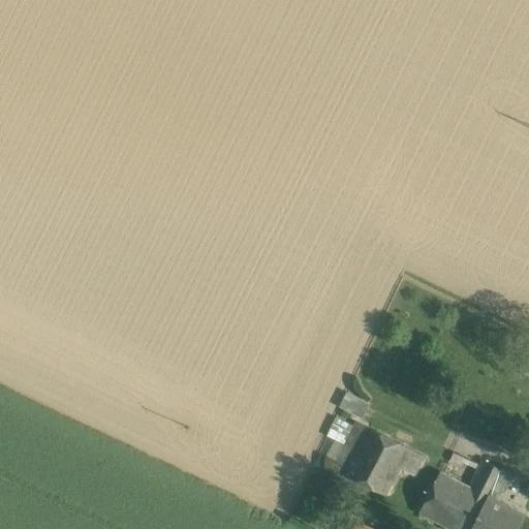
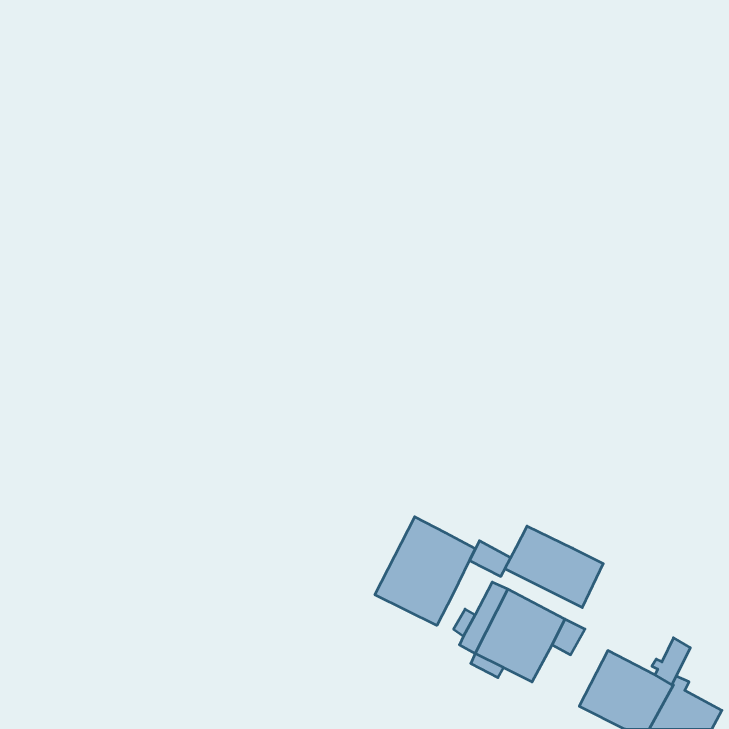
building: none -> [375,517,475,625]
building: none -> [505,526,603,608]

